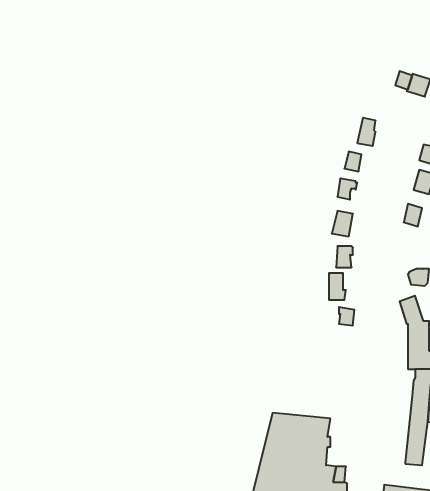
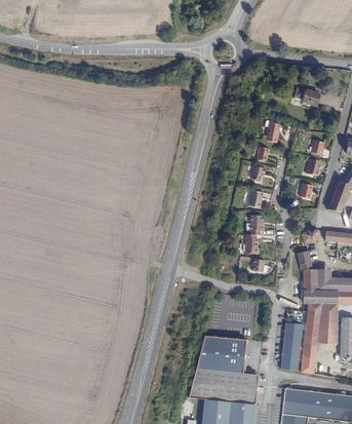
building: none -> [279,321,302,371]

